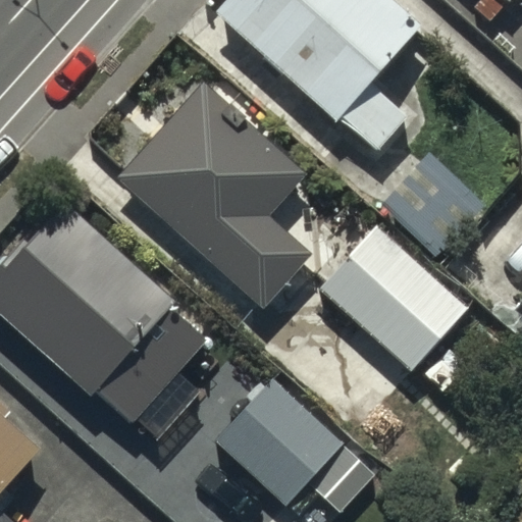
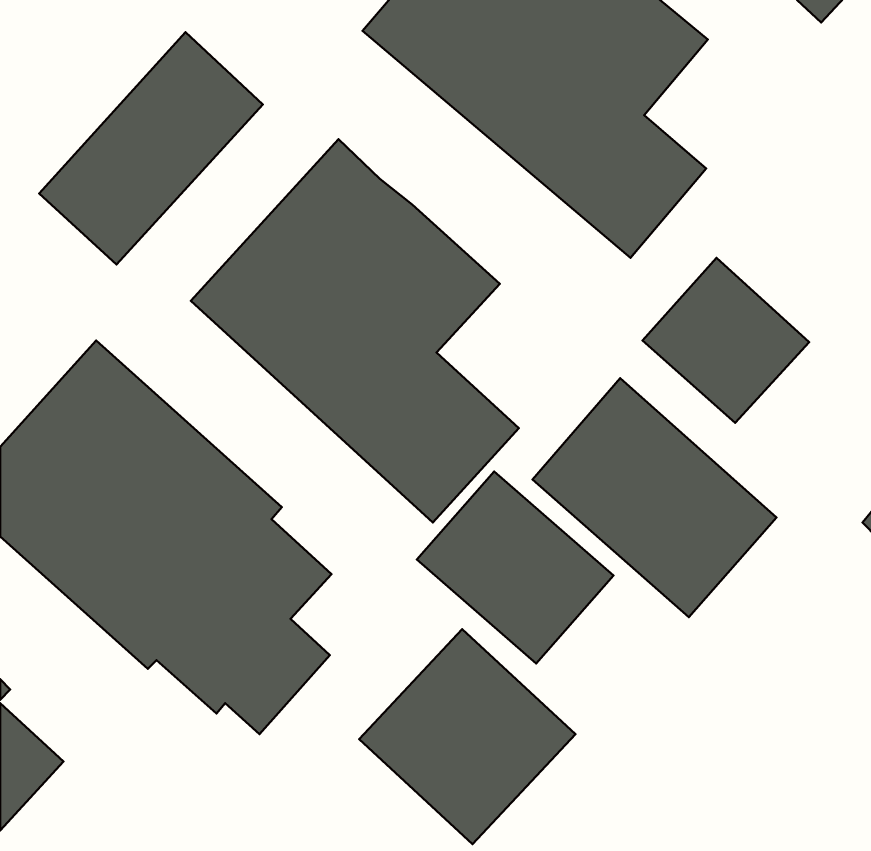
building: none -> [39,32,263,264]
building: none -> [417,472,613,663]

